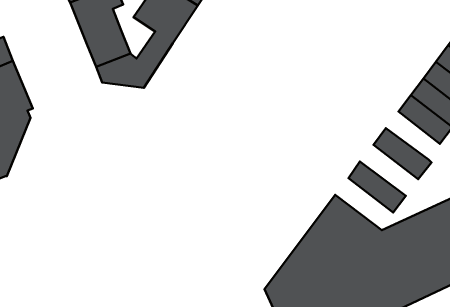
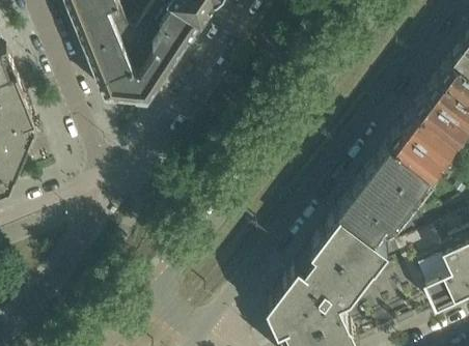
building: none -> [388,131,442,178]
building: none -> [362,164,420,214]
building: none -> [337,197,395,242]

